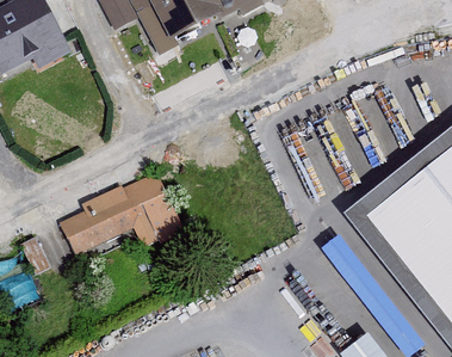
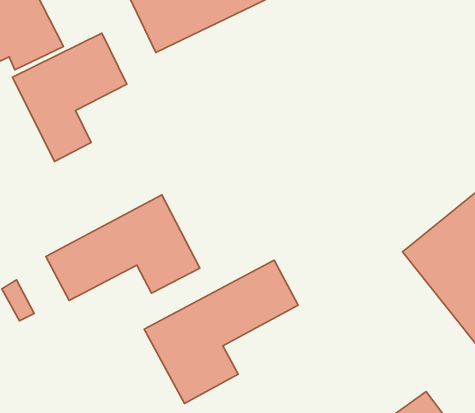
building: none -> [13,33,127,161]
building: none -> [144,260,298,404]

